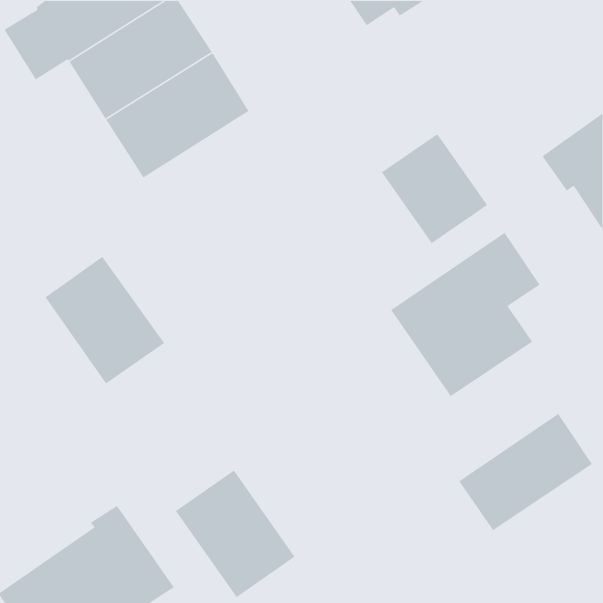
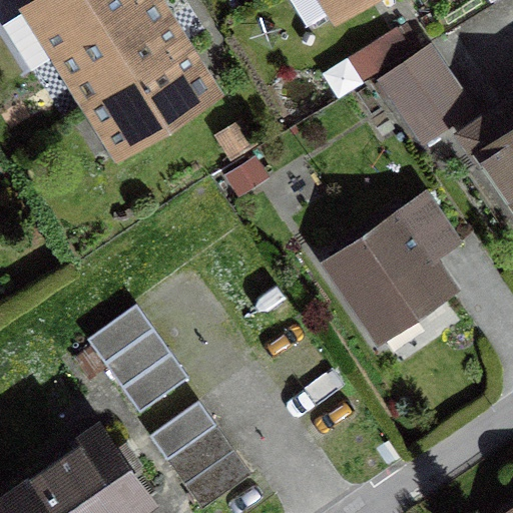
building: [381,133,488,244] -> [380,45,471,139]
building: [45,256,165,385] -> [86,303,188,412]
building: [458,413,593,531] -> none

